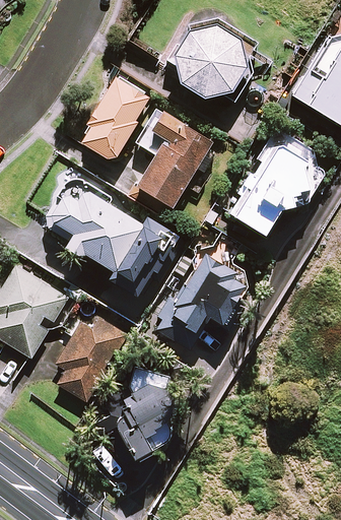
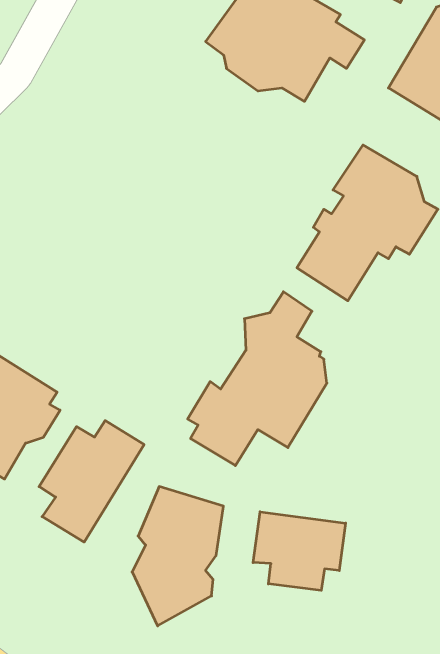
building: [79,77,149,160] -> none
building: [137,111,211,206] -> none
building: [50,181,182,296] -> none
building: none -> [253,512,346,590]

